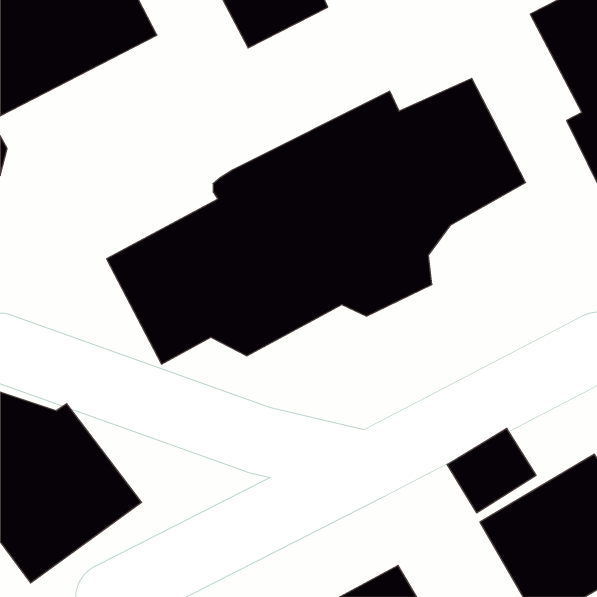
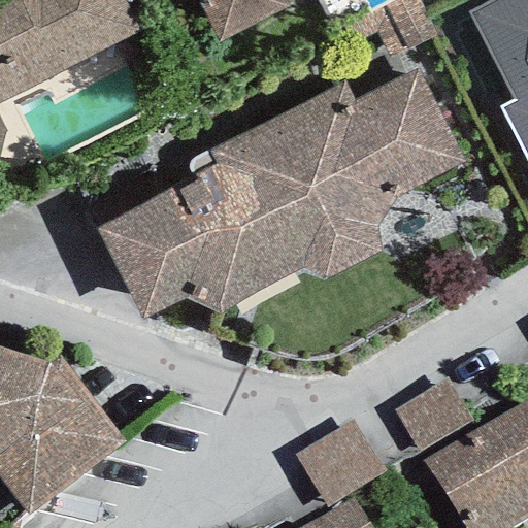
building: none -> [295,420,385,507]

